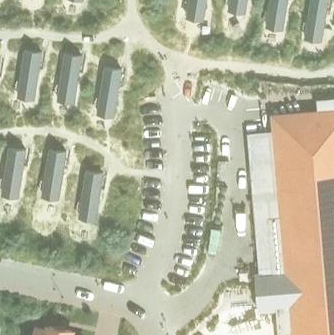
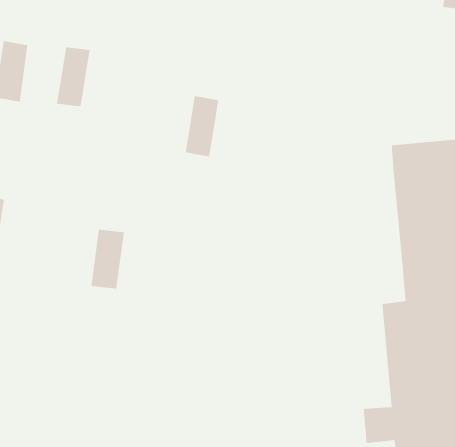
building: [98,69,120,109] -> [185,95,219,158]
building: [43,152,65,191] -> none

